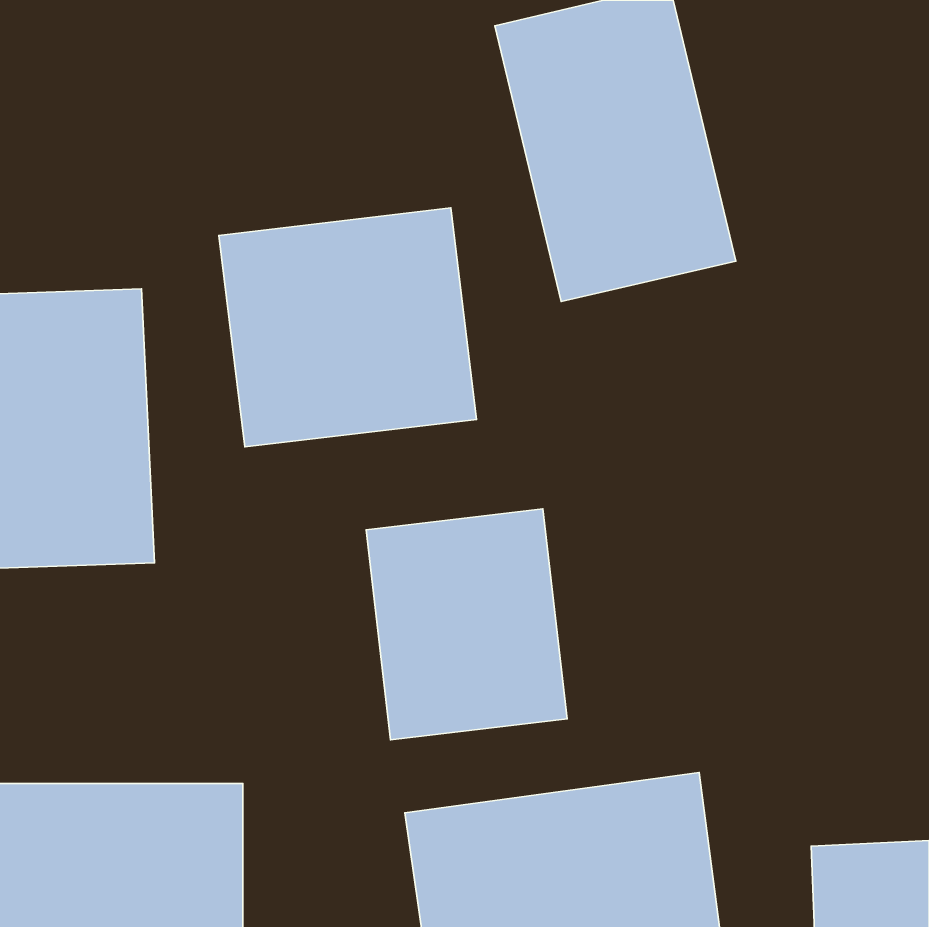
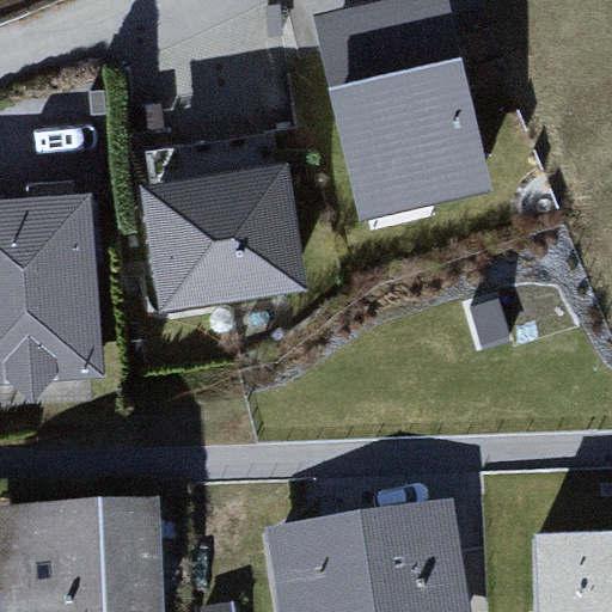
building: [366,509,567,740] -> none

